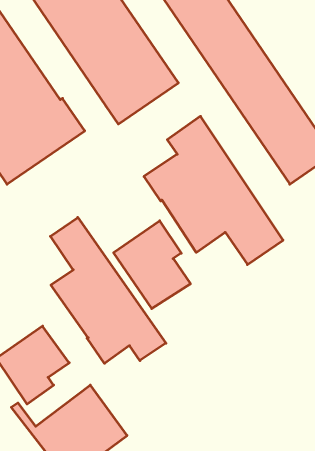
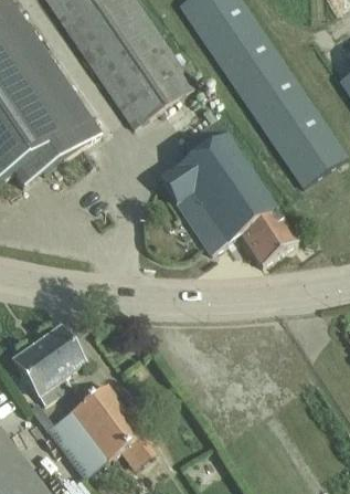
building: [50,217,166,363] -> none
building: [114,221,190,309] -> none

